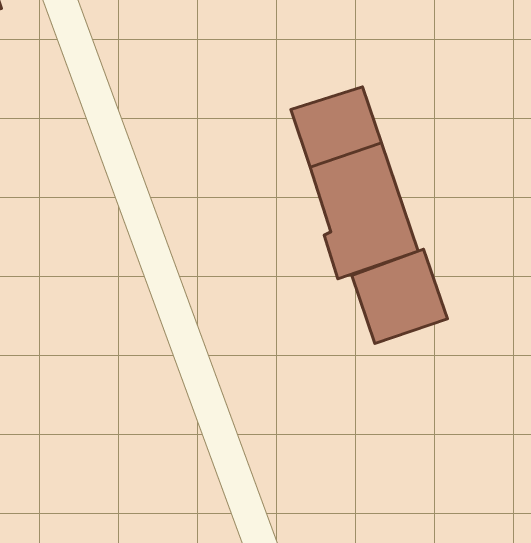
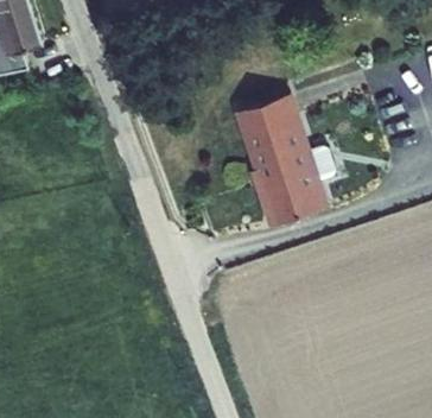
building: [352,249,448,344] -> none

